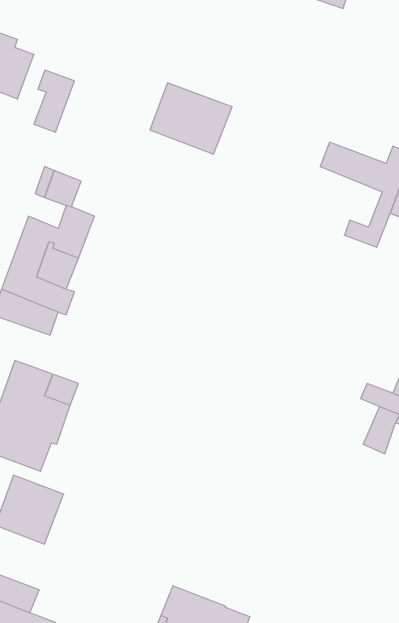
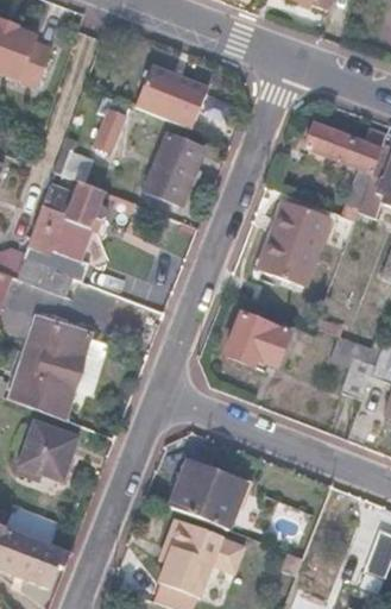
building: [34,70,74,132] -> [95,96,131,151]
building: none -> [146,134,204,203]
building: none -> [259,201,330,288]
building: none -> [225,314,288,366]
building: none -> [170,462,248,528]

